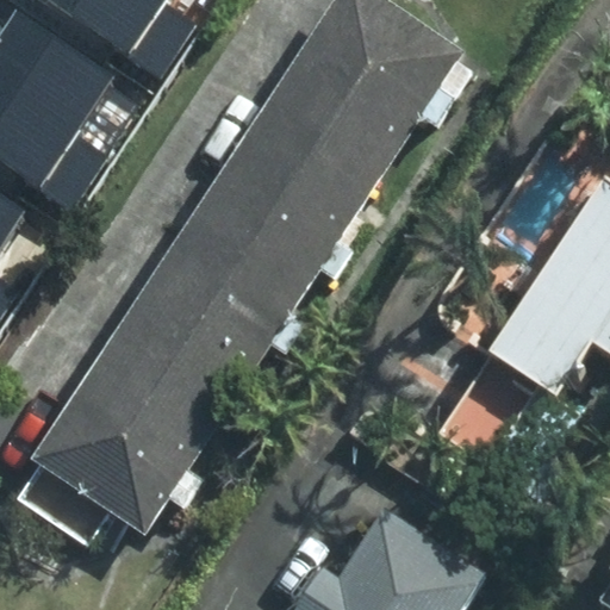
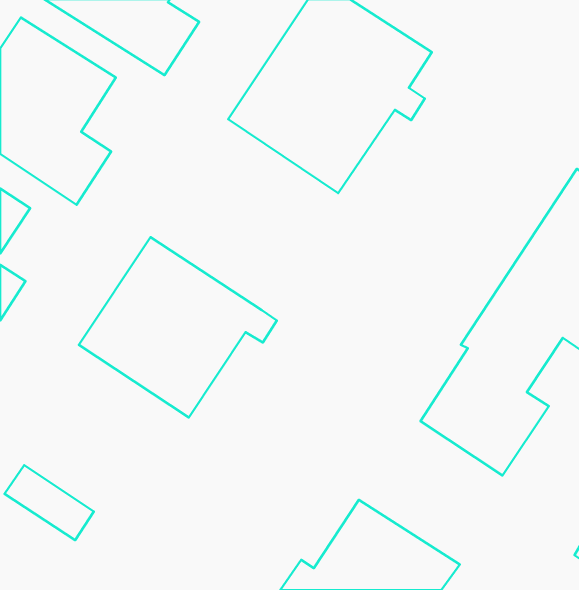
building: [168,123,361,319] -> none
building: [24,355,207,536] -> none

